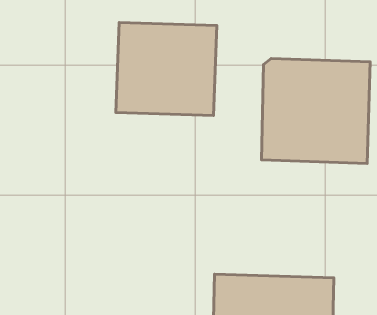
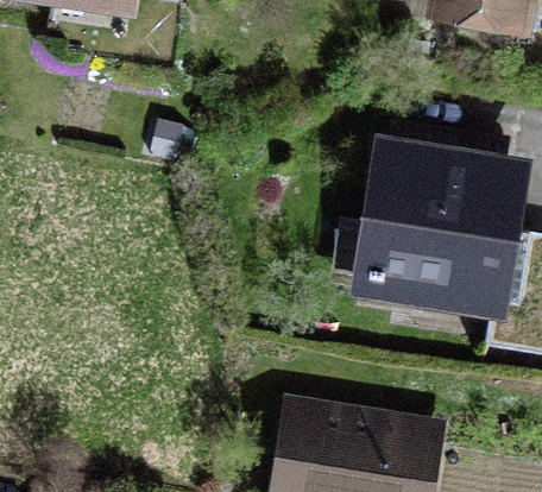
building: [116,23,217,116] -> none

